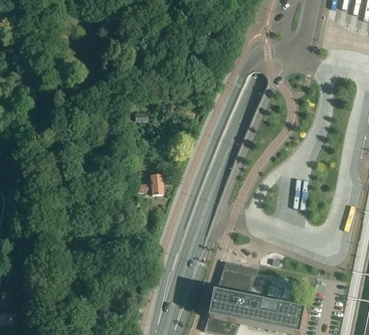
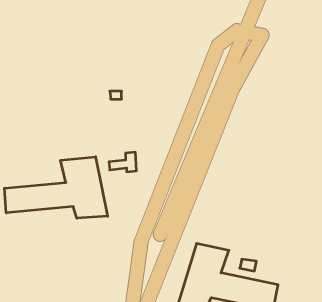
building: none -> [4,157,108,218]

